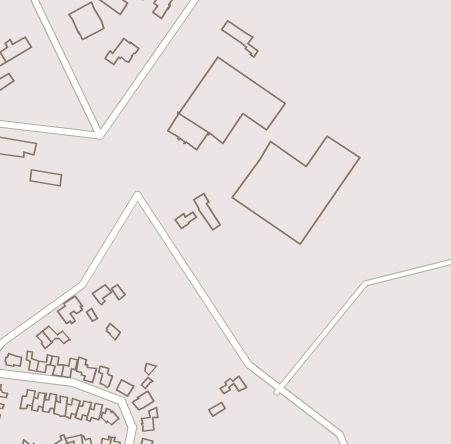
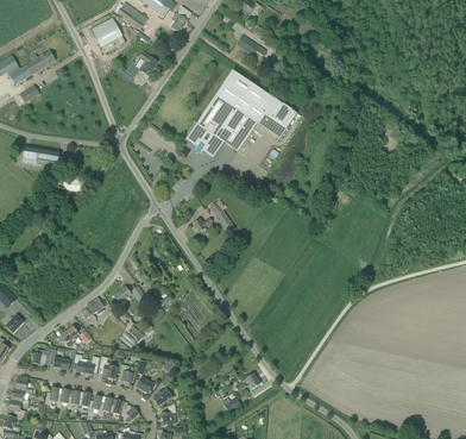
building: [232,136,360,244] -> none

